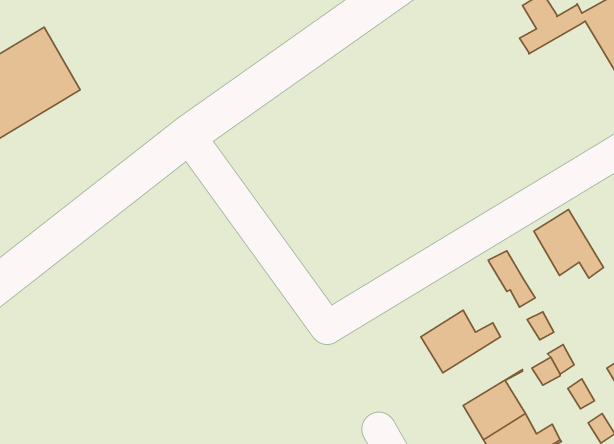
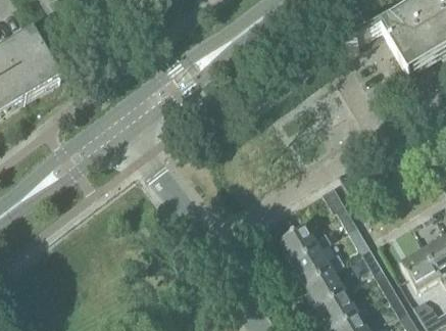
building: [534,210,603,278] -> none
building: none -> [291,235,343,280]

